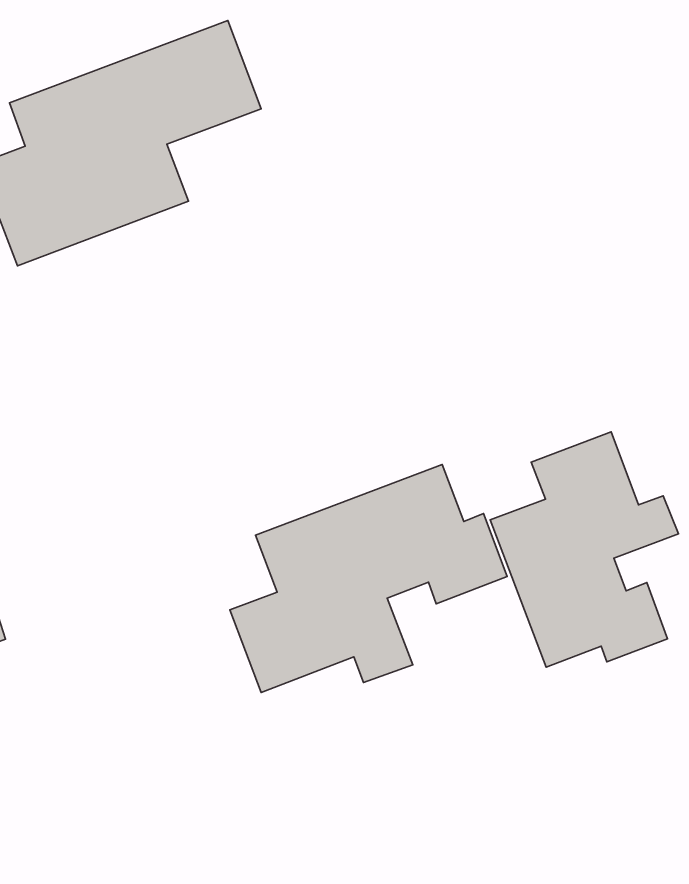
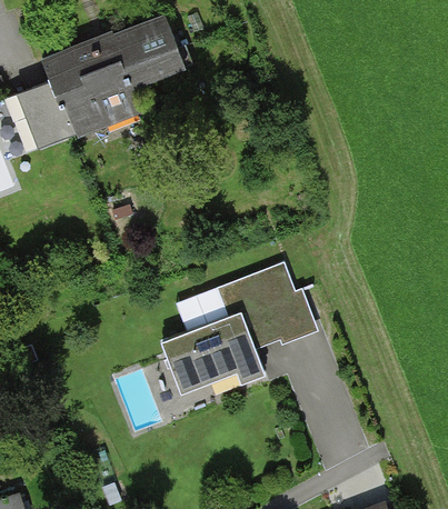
building: [490,432,679,667] -> none

